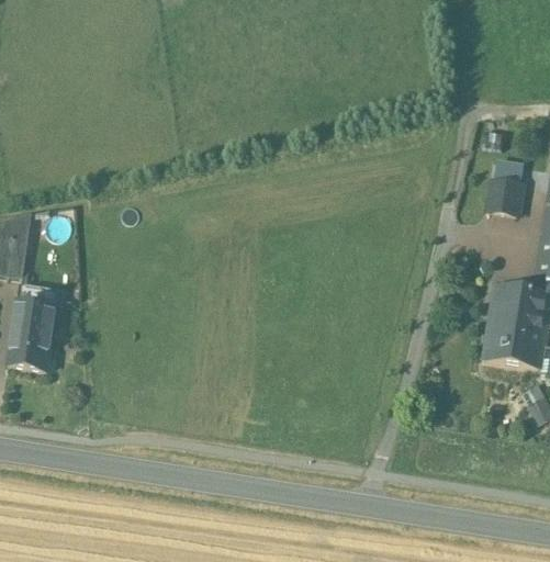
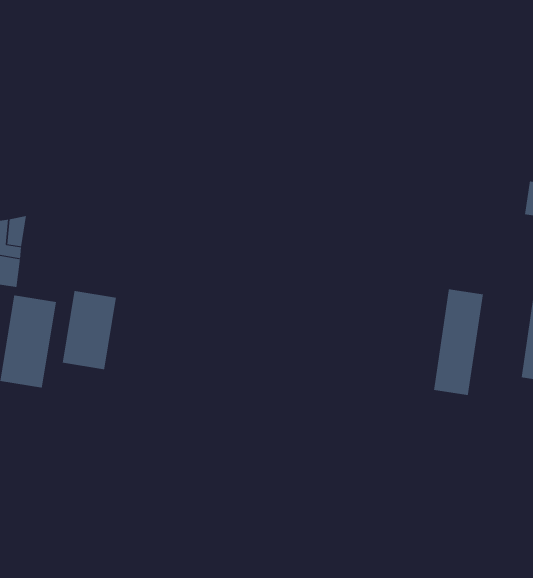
building: none -> [433,289,483,396]
building: none -> [62,290,117,370]

